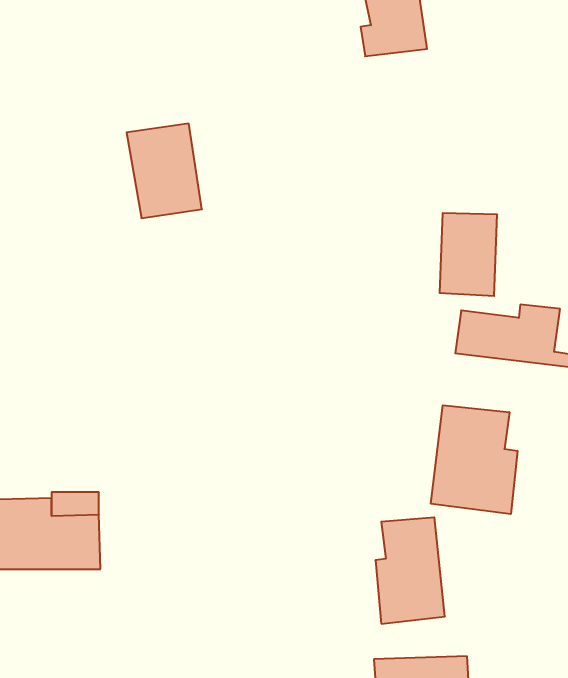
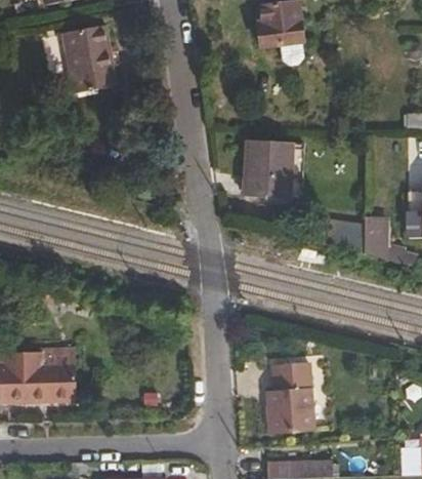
building: [127,124,202,218] -> [61,26,114,91]
building: [440,213,497,296] -> [242,141,282,198]
building: [431,405,517,514] -> none

